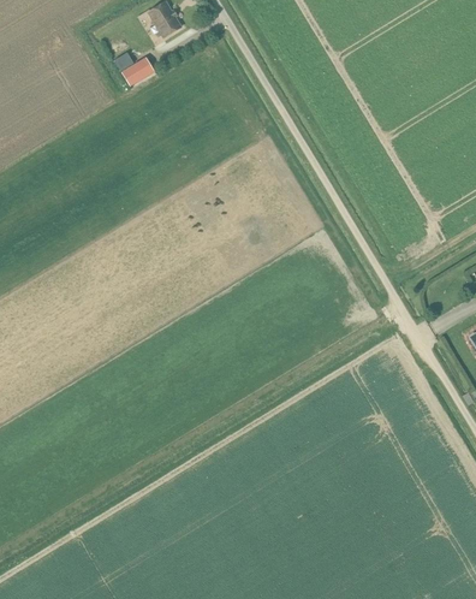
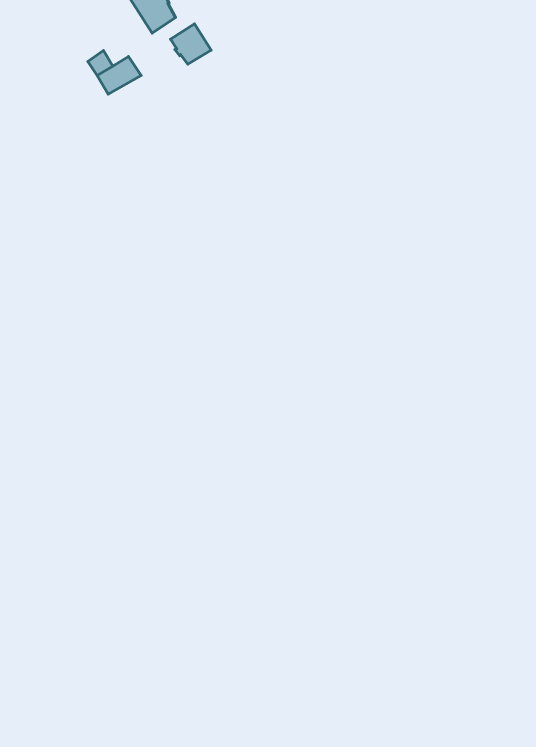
building: none -> [171,24,211,64]

